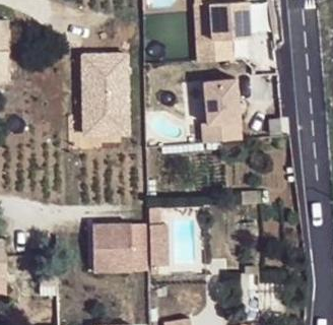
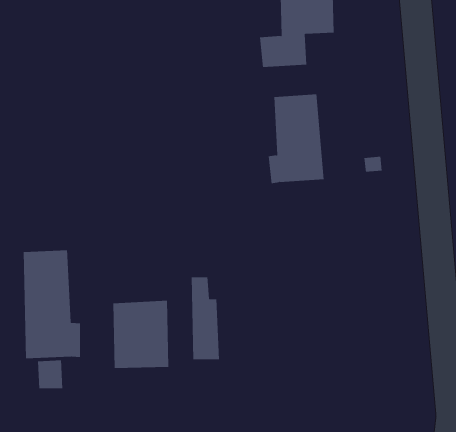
building: [80,53,131,138] -> none
building: none -> [23,249,81,359]

